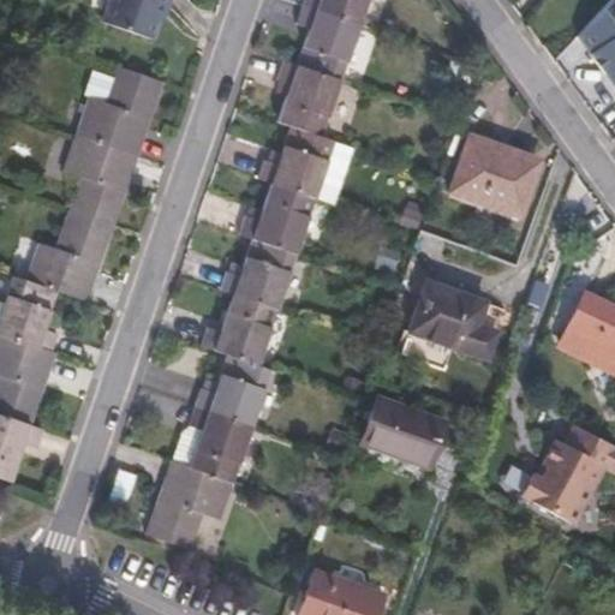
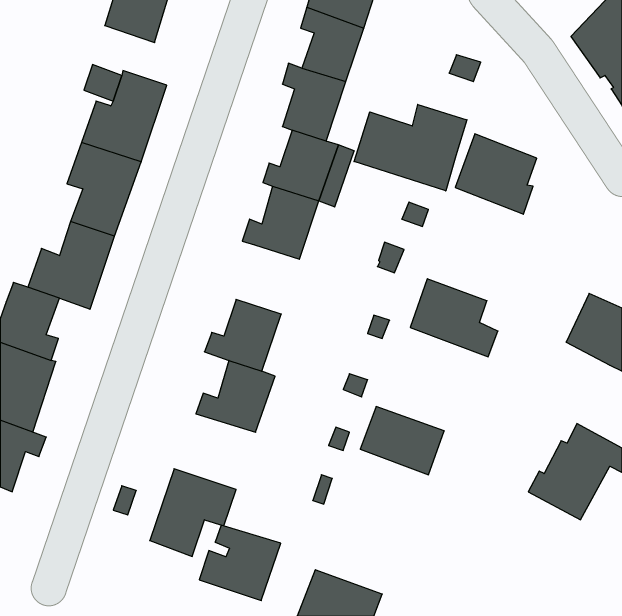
building: none -> [354,104,467,191]
building: [221,241,295,310] -> none
building: [172,408,252,483] -> [199,525,281,601]

